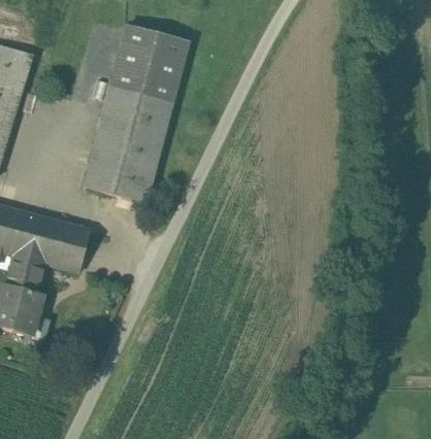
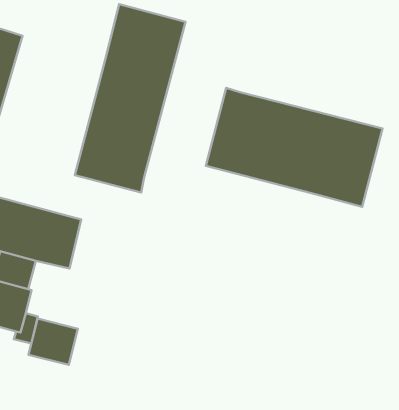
building: none -> [206,88,383,207]
building: none -> [29,319,78,365]

